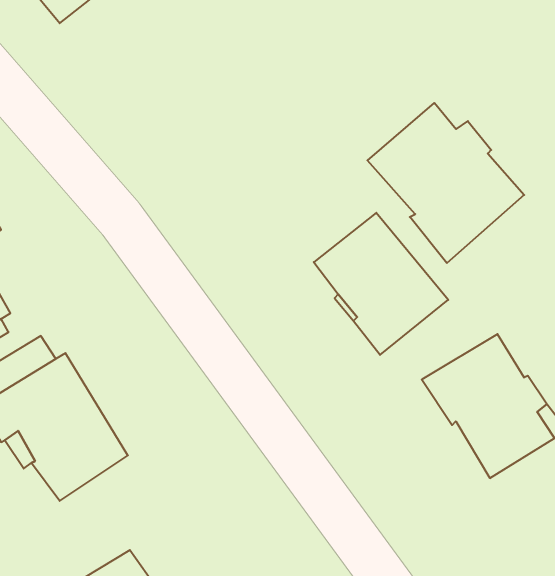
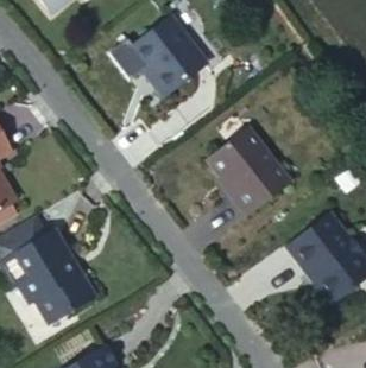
building: none -> [134,23,212,101]
building: [367,103,524,263] -> none

